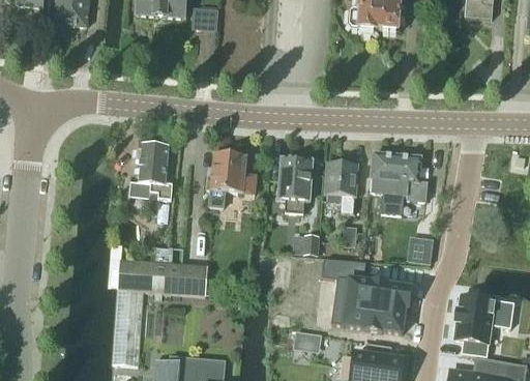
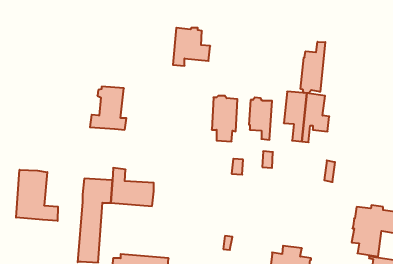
building: none -> [301,42,325,93]
building: [209,151,256,199] -> [173,28,210,66]
building: none -> [16,170,58,221]
building: [321,258,411,332] -> none

